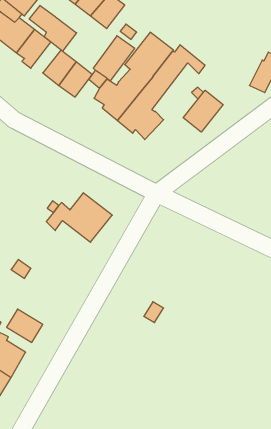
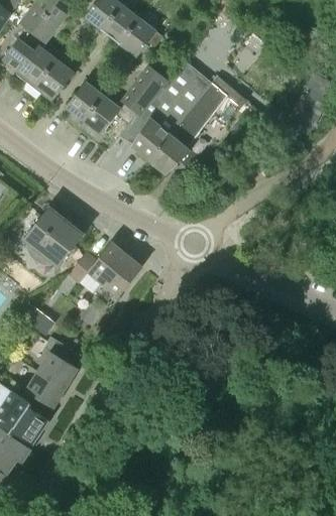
building: [29,5,77,51] -> none
building: [183,90,223,132] -> none
building: none -> [22,207,83,267]
building: none -> [36,350,77,388]

